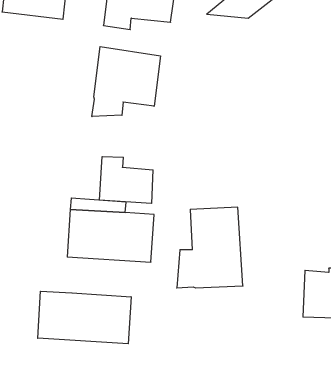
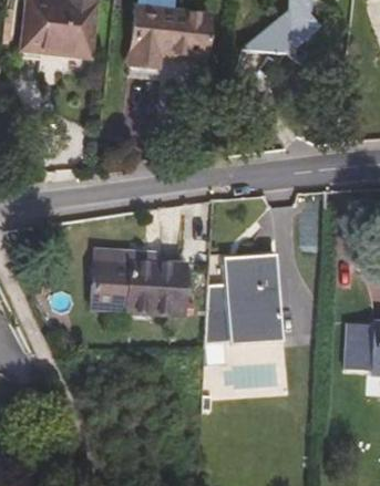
building: [92,47,160,117] -> none
building: [100,157,153,203] -> none
building: [38,291,131,344] -> none

